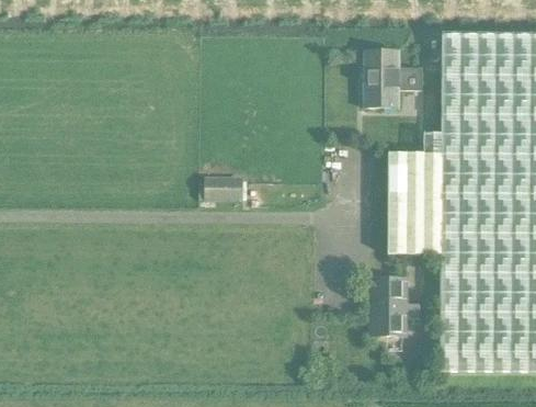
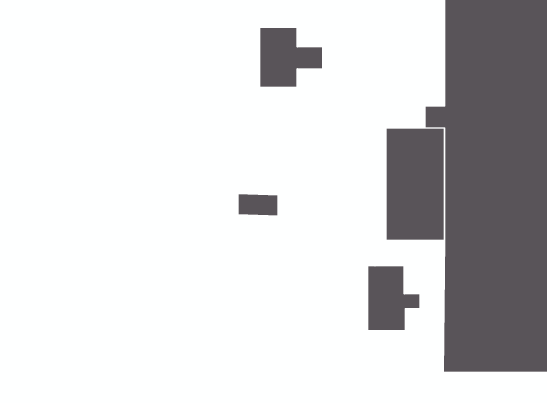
building: [365,48,422,102] -> [259,27,323,87]
building: [206,178,242,197] -> [238,194,278,216]

